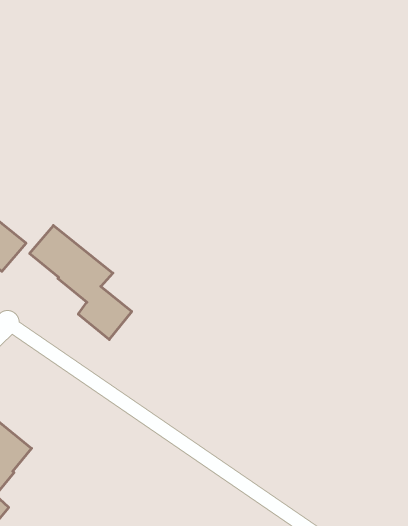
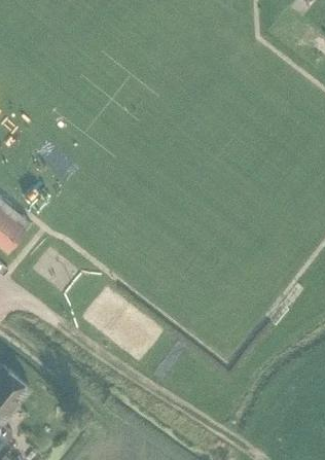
building: [30,225,132,340] -> none

